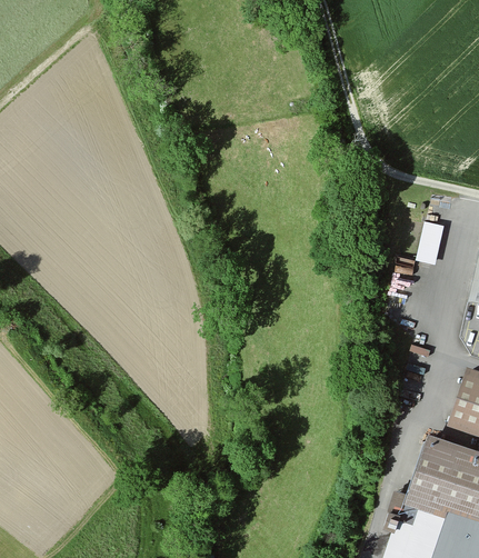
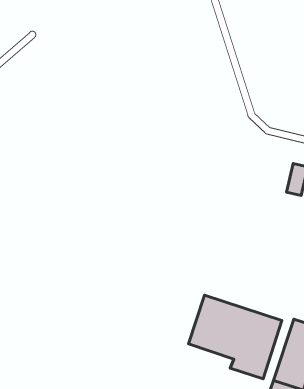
building: none -> [188,295,282,379]

